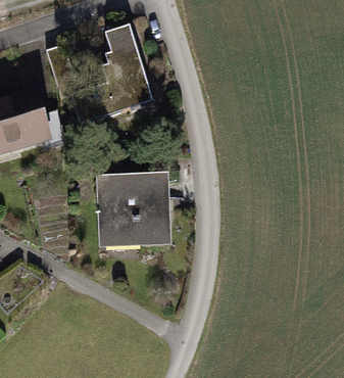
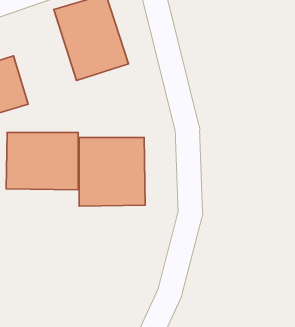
building: none -> [6,132,78,190]

